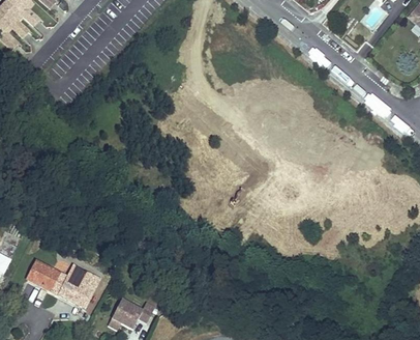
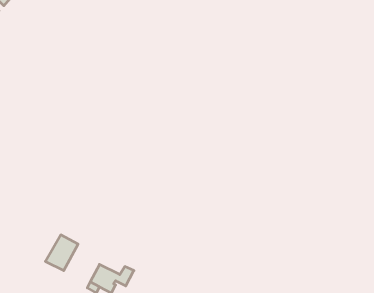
building: [26,259,66,293] -> none

